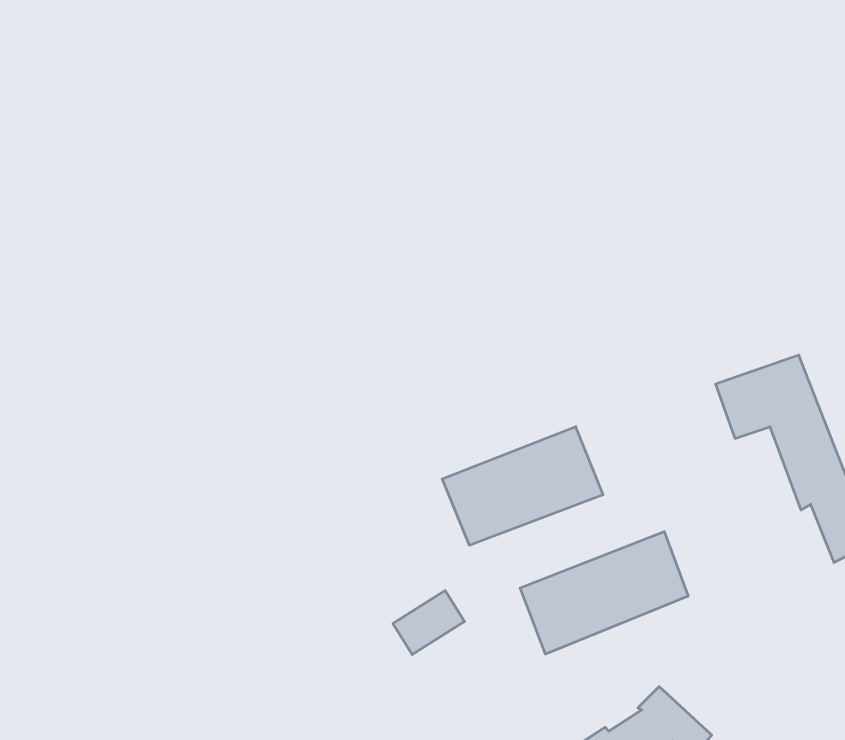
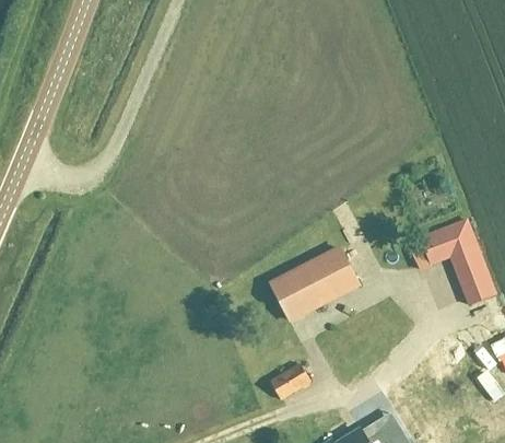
building: [520,532,688,654] -> none
building: [393,591,465,655] -> [270,362,310,398]

